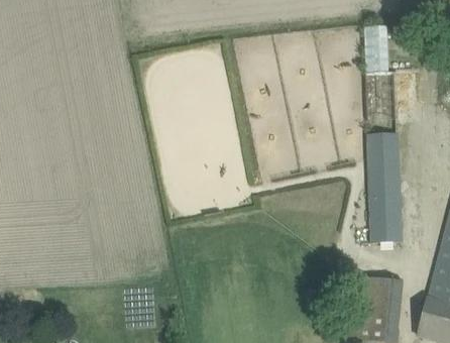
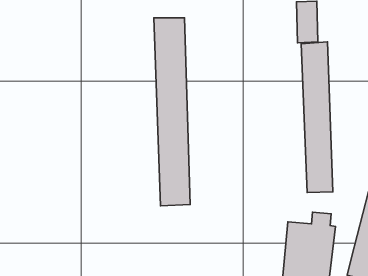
building: none -> [154,18,190,206]

